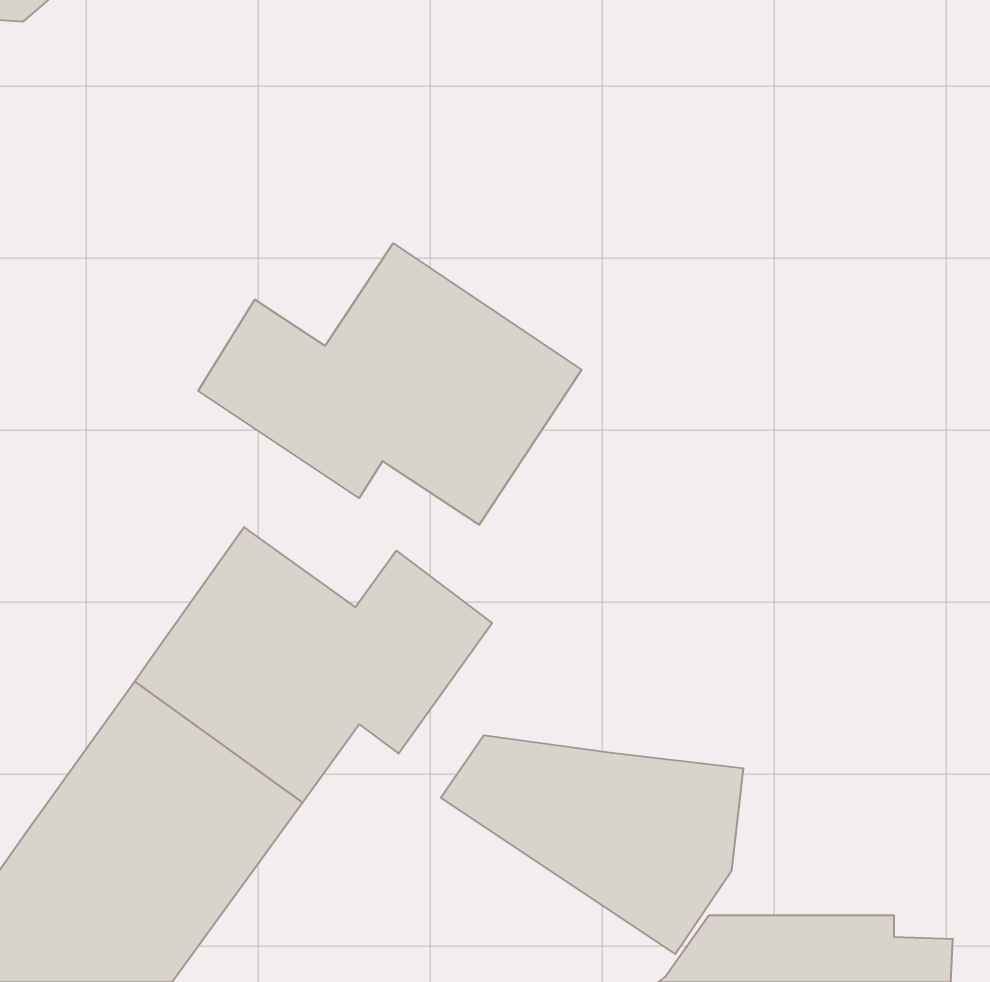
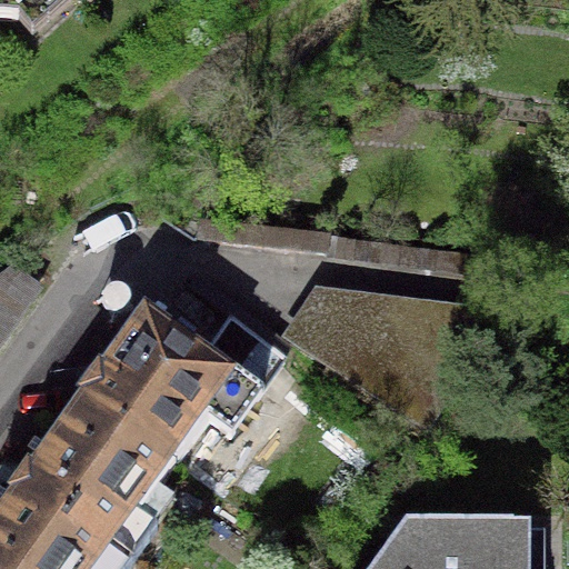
building: [198,243,582,525] -> none
building: [441,735,744,954] -> [289,298,461,422]

